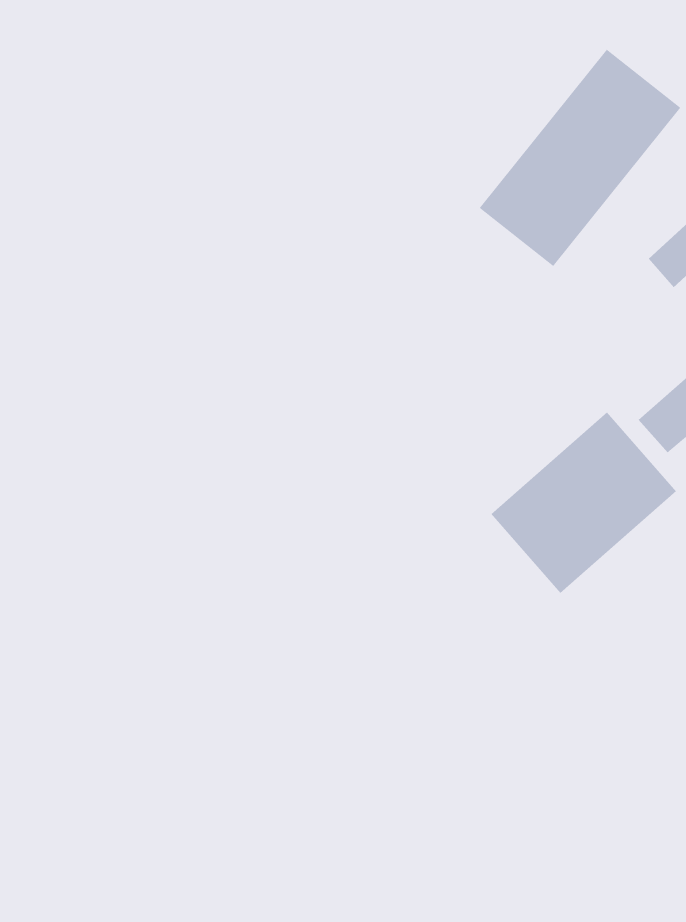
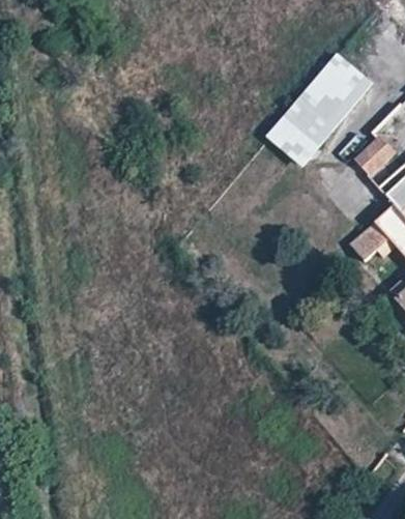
building: [491,411,677,594] -> none

